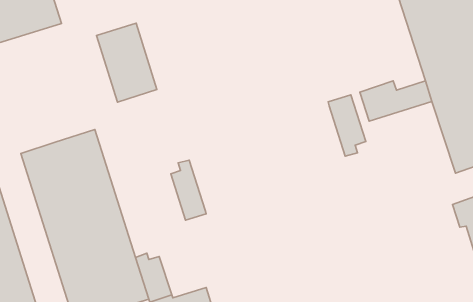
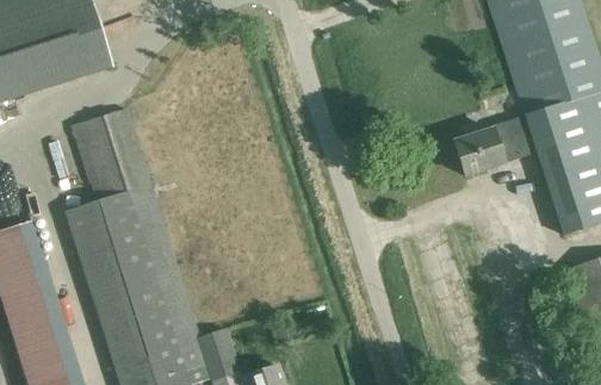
building: [97,23,157,102] -> [81,108,150,199]
building: [328,95,366,156] -> none
building: [171,160,206,220] -> none

